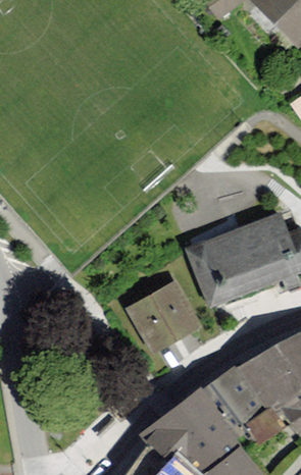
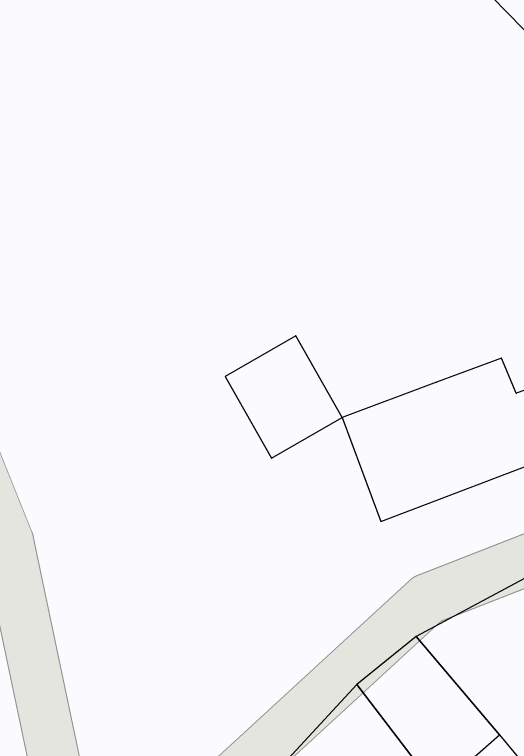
building: [131,284,195,352] -> [225,336,342,458]

